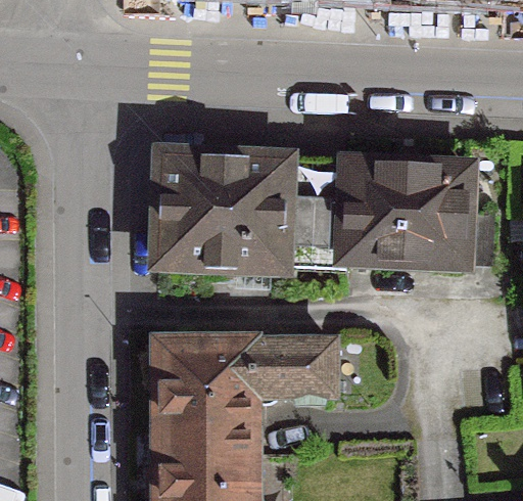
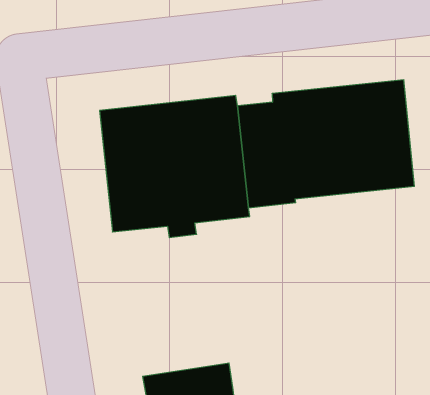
building: [155,344,330,426] -> none

